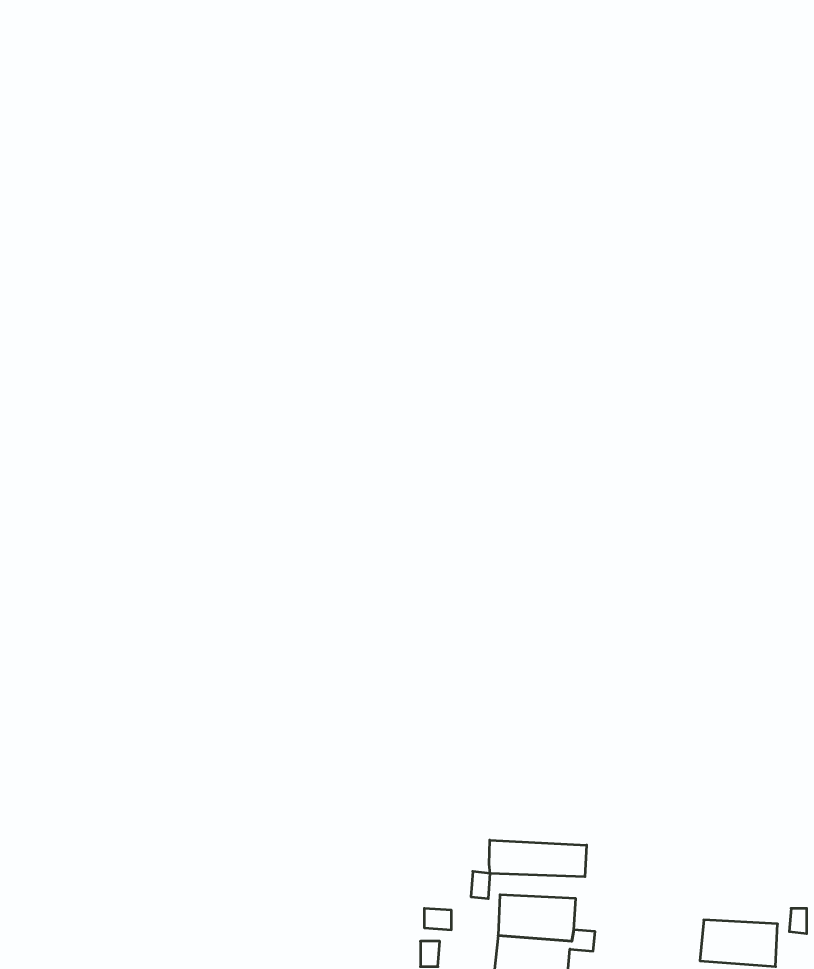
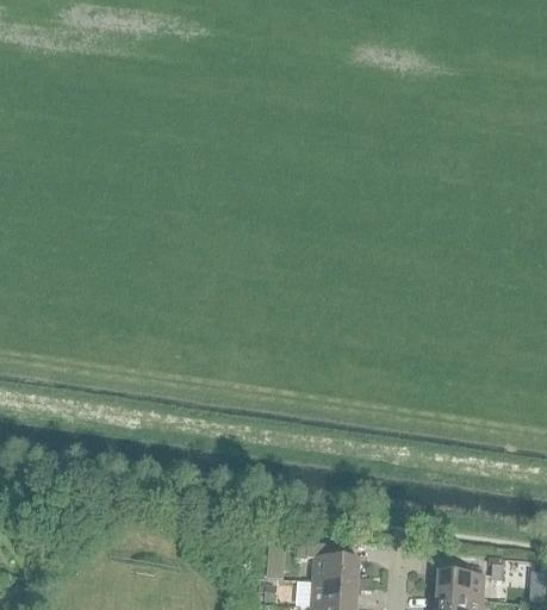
building: [489,840,587,877] -> none

